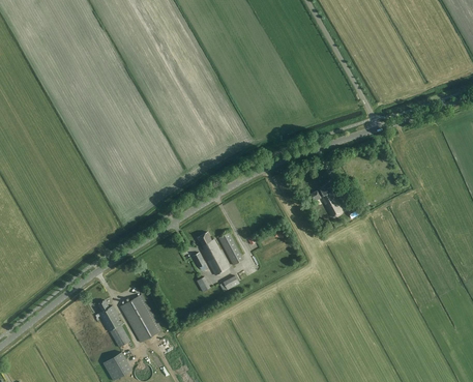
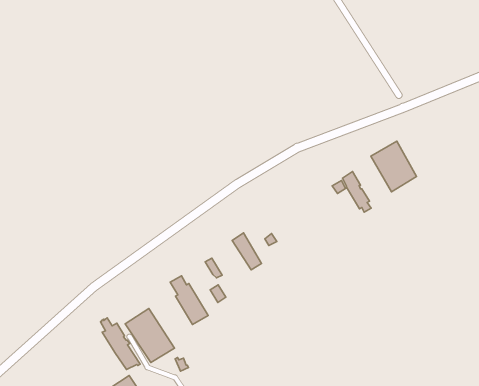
building: none -> [371,141,416,192]
building: [198,232,230,275] -> [170,276,208,324]

